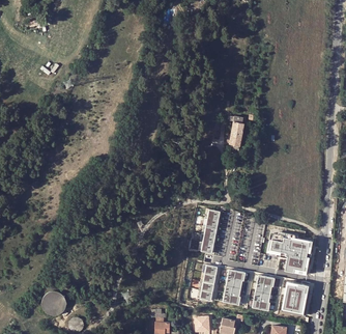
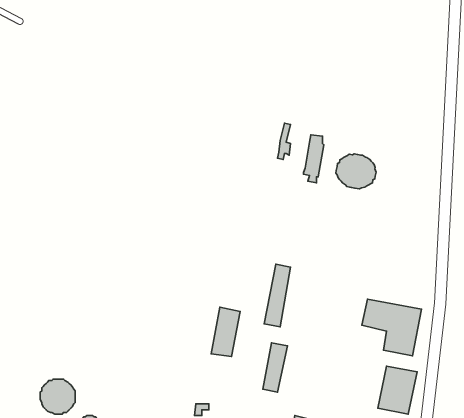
building: none -> [336,154,376,189]
building: [222,269,242,304] -> [211,307,240,357]
building: [251,274,272,310] -> none

